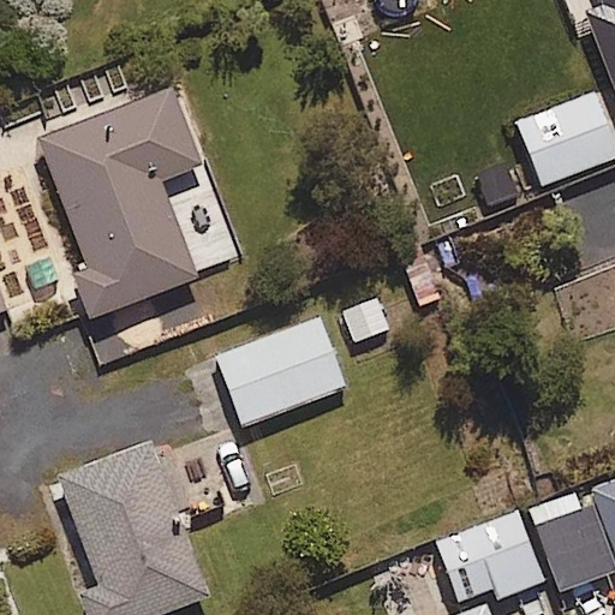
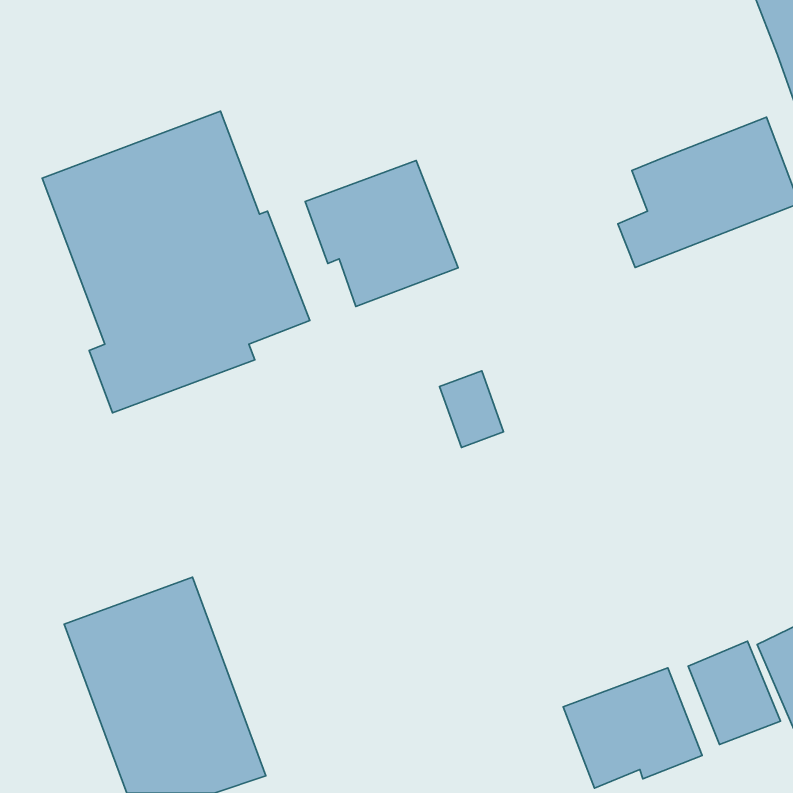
building: none -> [305,160,458,307]
building: [219,318,345,424] -> none

